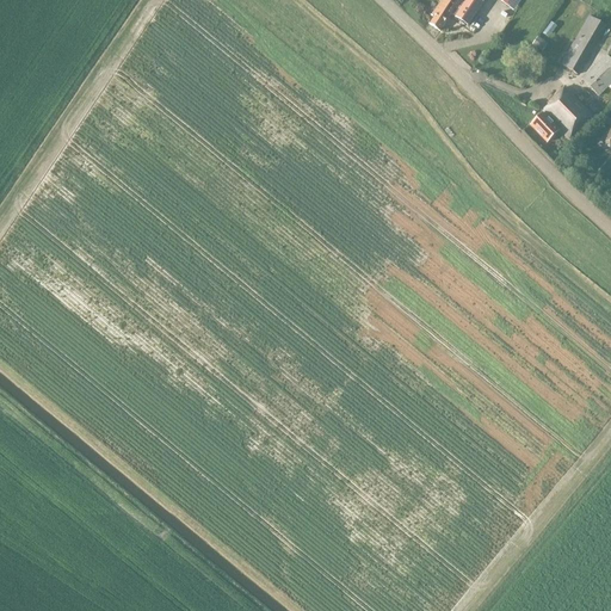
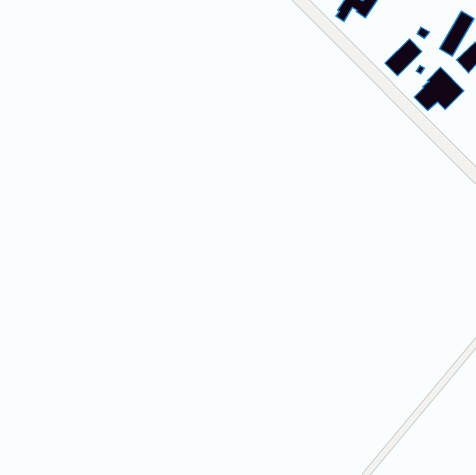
building: none -> [385,39,422,76]

